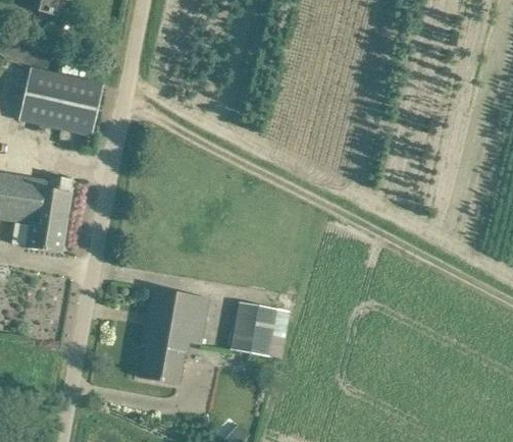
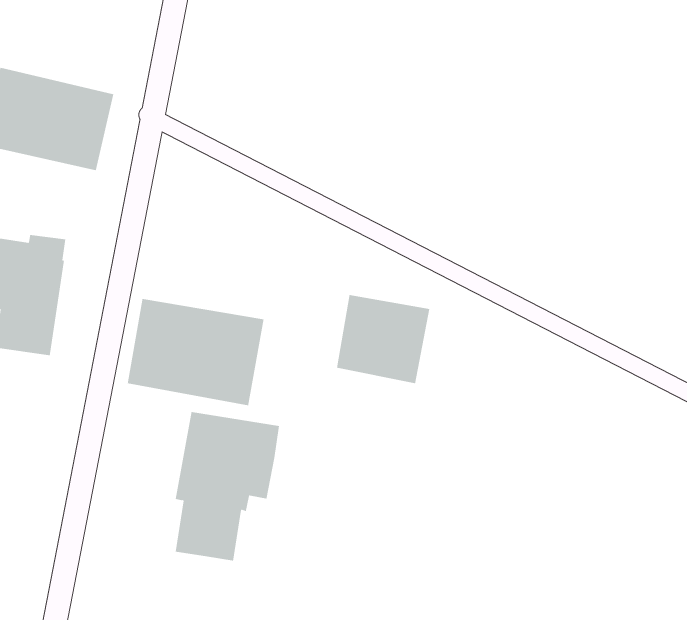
building: none -> [127,298,264,406]
building: [229,302,290,360] -> [336,295,430,384]

